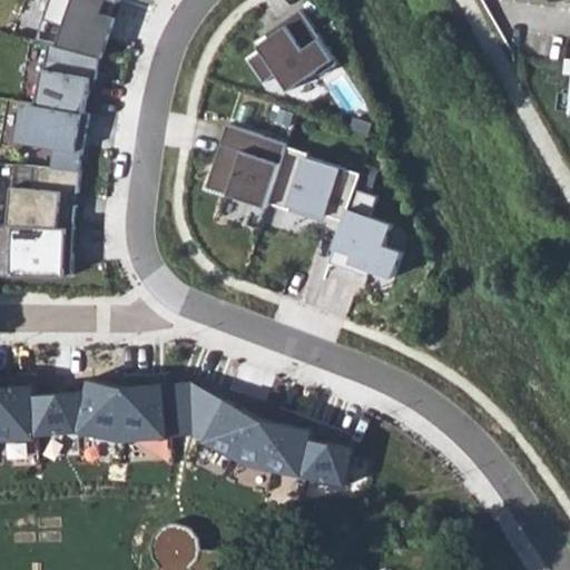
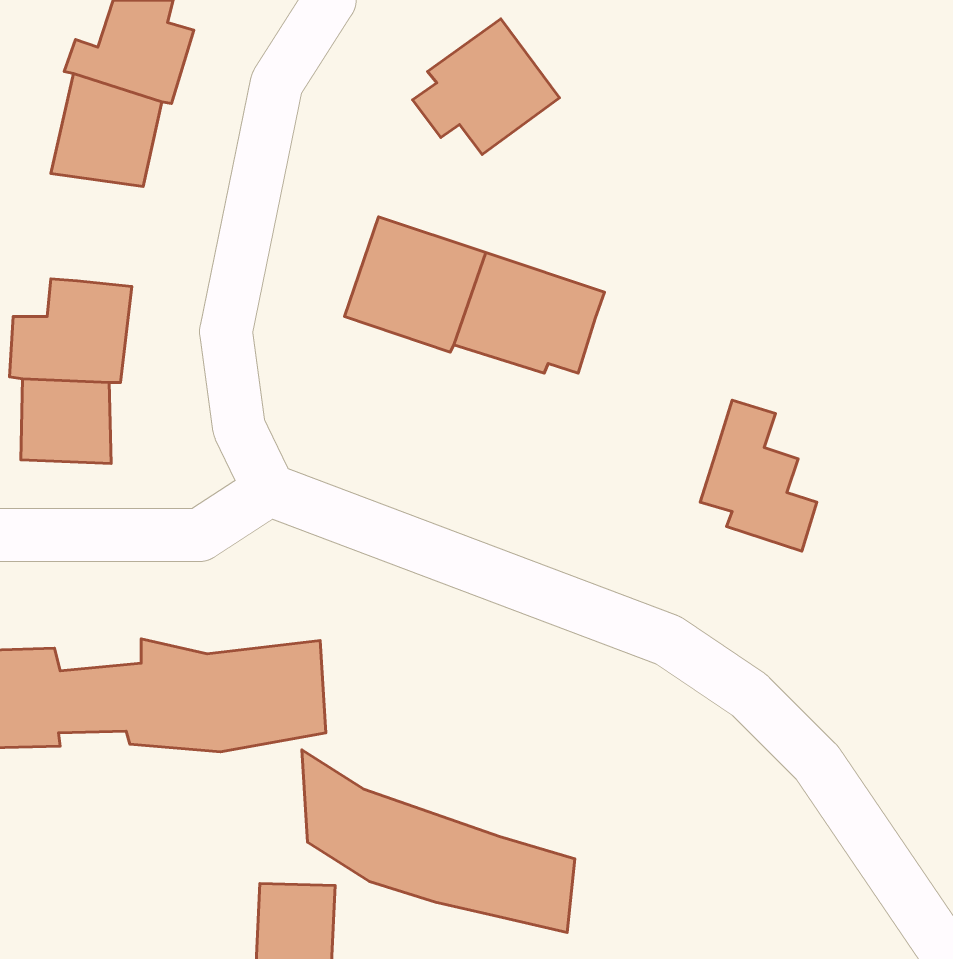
building: [12,104,85,171] -> none
building: [333,190,402,279] -> [700,400,817,551]
building: [189,381,351,489] -> [302,750,575,932]

